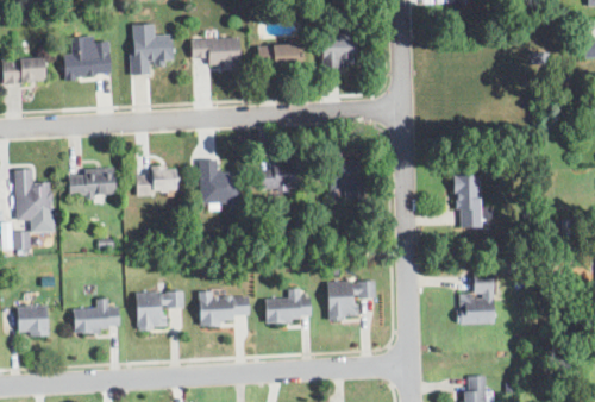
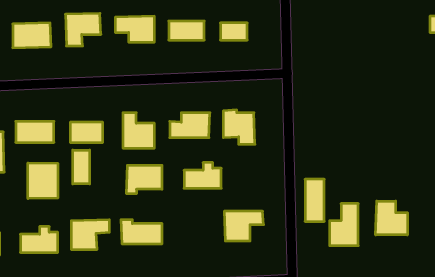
building: [457,175,481,227] -> [305,179,324,221]
building: none -> [73,150,90,184]
building: none -> [28,163,58,199]
building: none -> [127,165,162,194]
building: none -> [376,201,407,235]
building: [265,289,312,321] -> [184,163,221,188]

